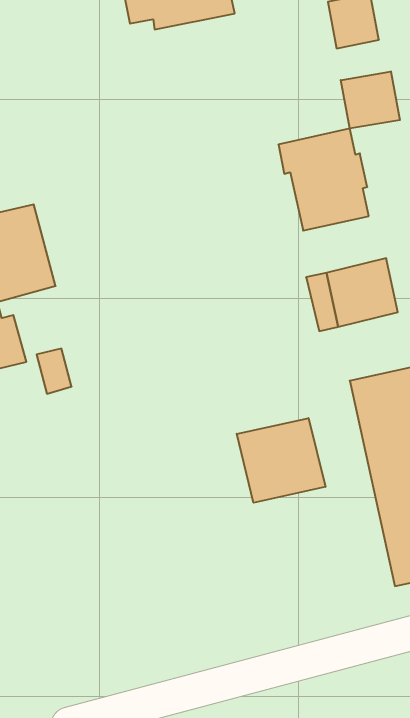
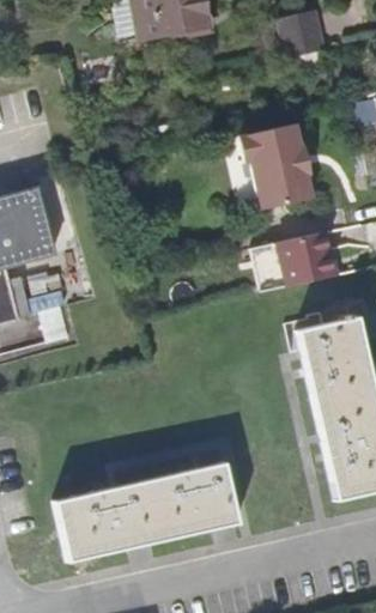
building: [341,71,400,129] -> none
building: [237,418,325,503] -> none
building: none -> [55,463,236,560]

